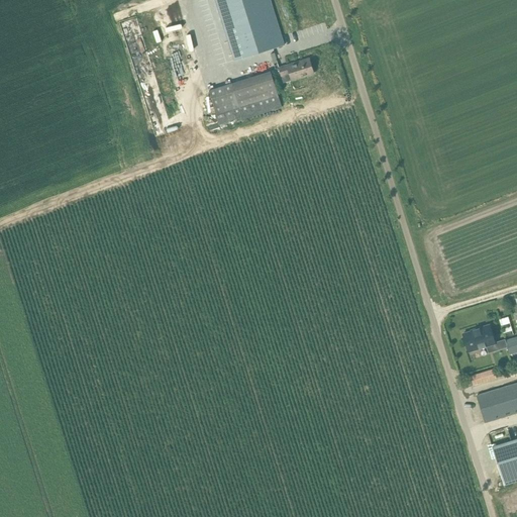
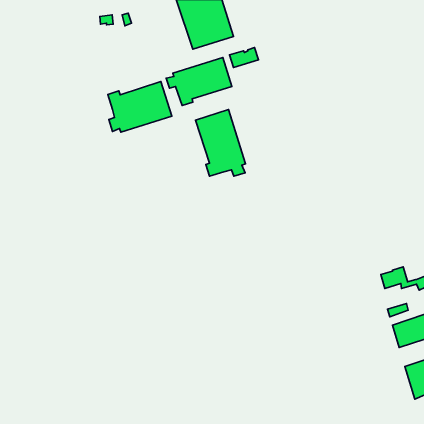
building: none -> [108,82,172,132]
building: none -> [196,110,246,176]

